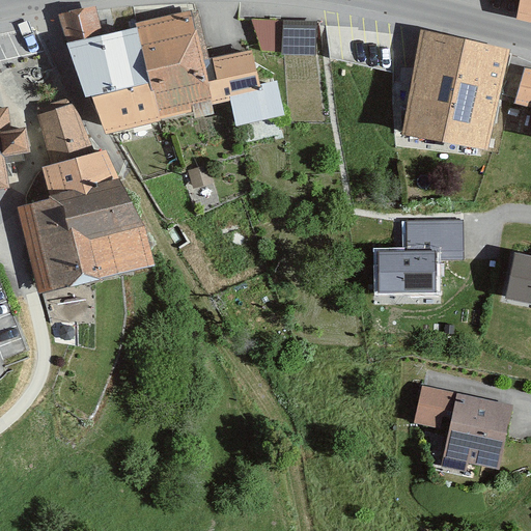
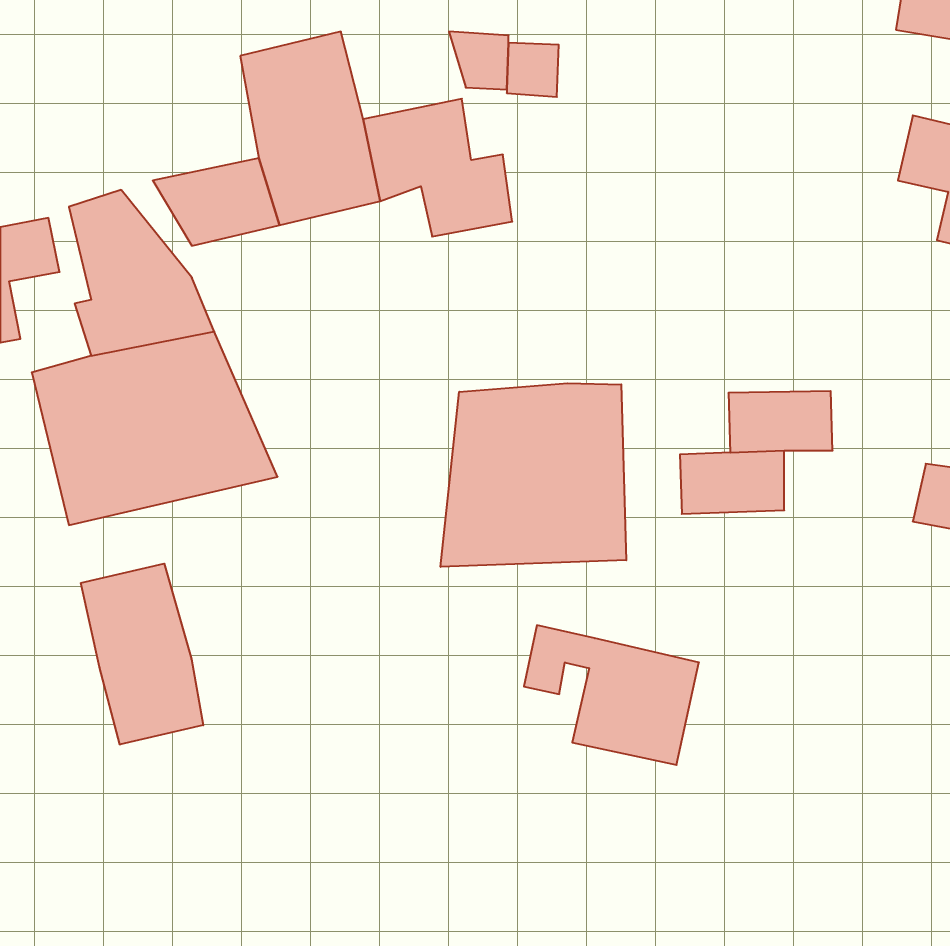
building: [67,11,145,101] -> none
building: [384,24,501,147] -> none
building: none -> [441,383,626,567]
building: none -> [81,564,203,745]
building: [411,382,508,459] -> [524,625,699,765]

